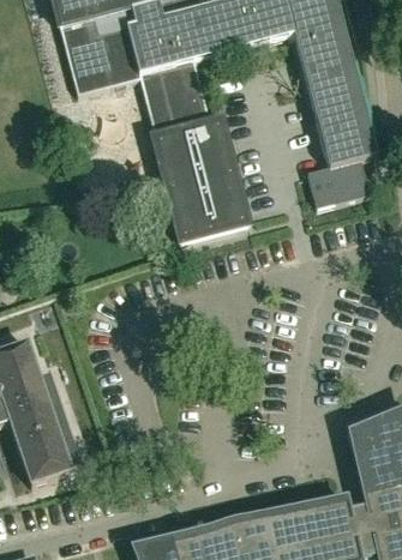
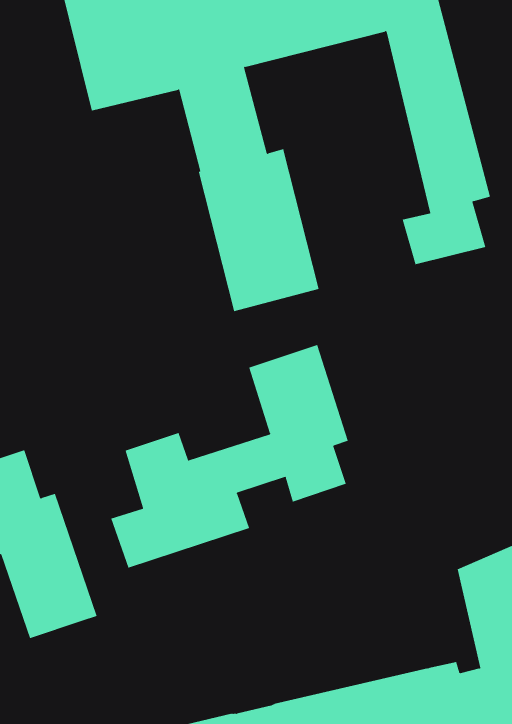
building: none -> [111,344,349,569]

